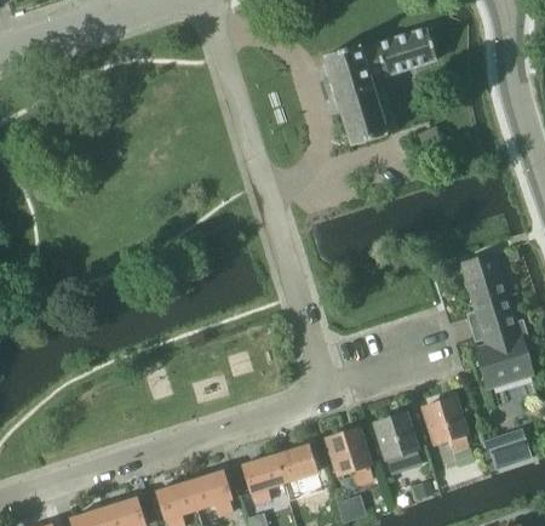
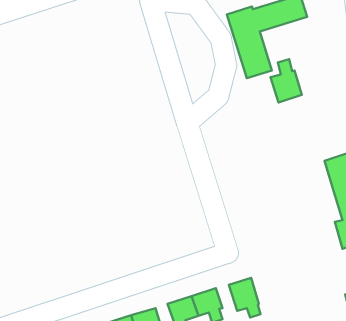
building: none -> [271,59,302,102]
building: [424,398,469,454] -> none
building: [375,413,418,459] -> none

